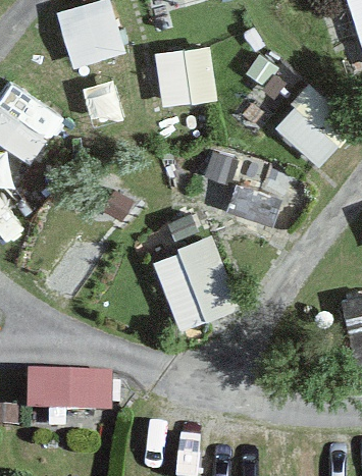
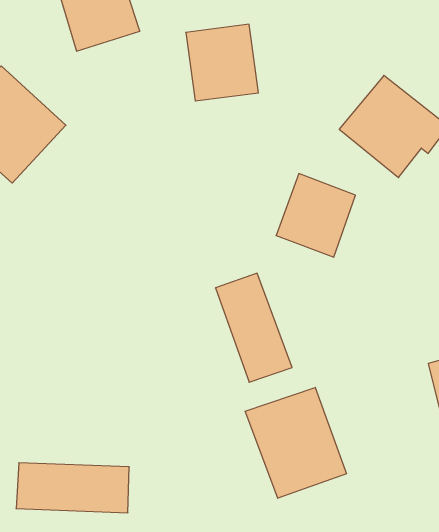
building: none -> [245,387,347,498]

